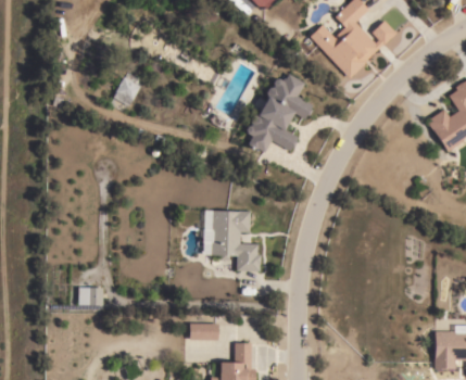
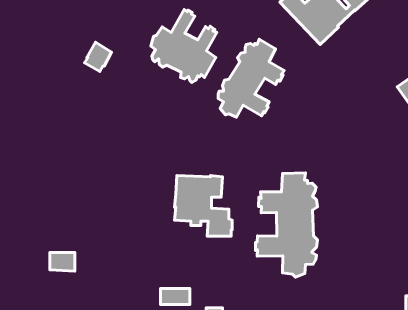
building: none -> [151,10,217,82]
building: none -> [255,173,317,277]

